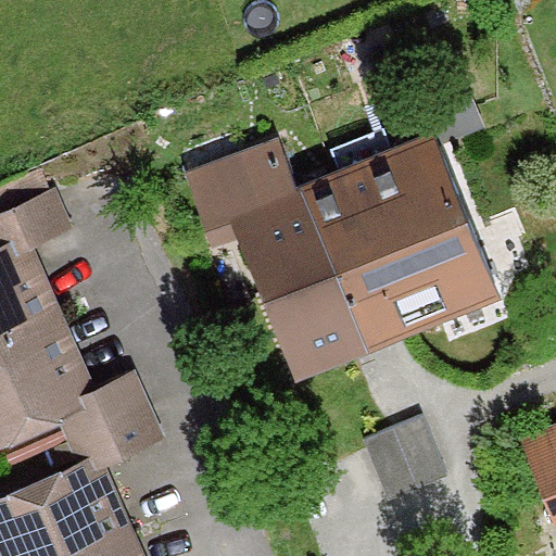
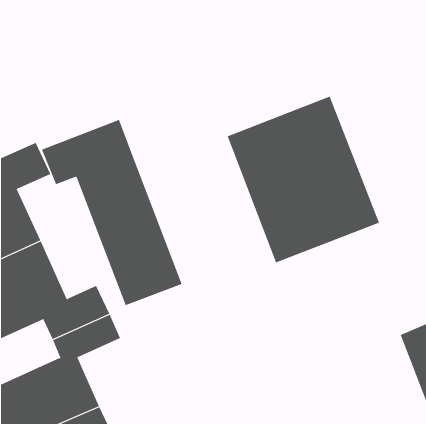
building: [178,135,361,376] -> [41,119,182,306]
building: [374,413,455,493] -> none

